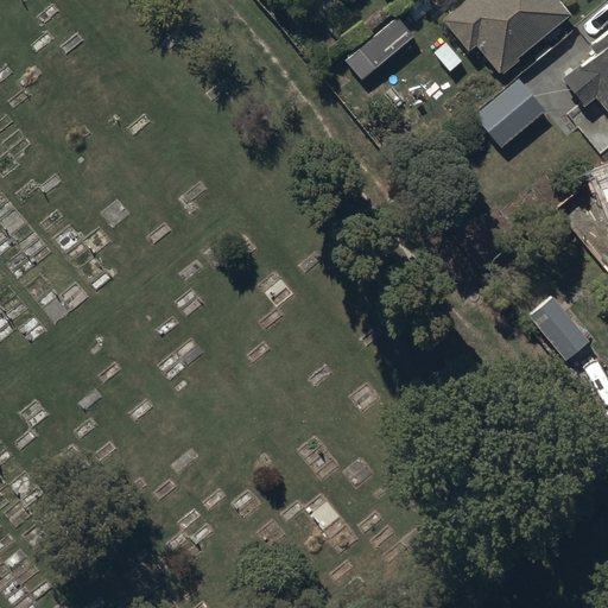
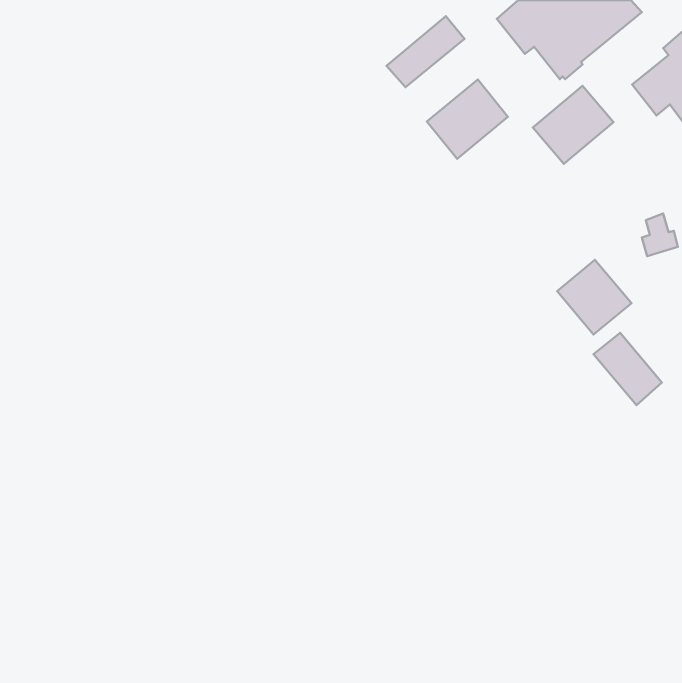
building: none -> [427,80,508,159]
building: none -> [557,260,631,335]

